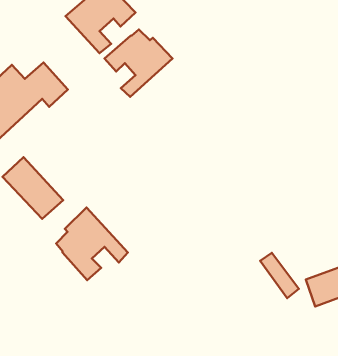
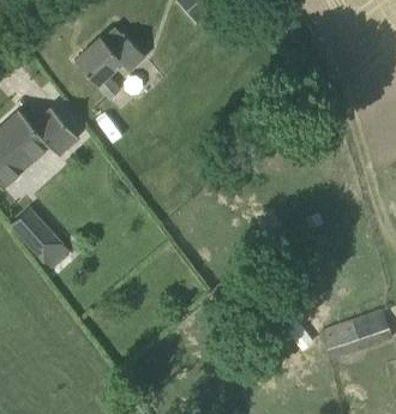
building: [105,30,172,97] -> none
building: [56,208,128,280] -> none

